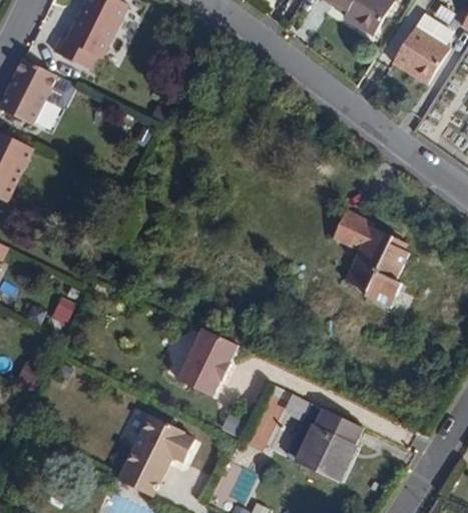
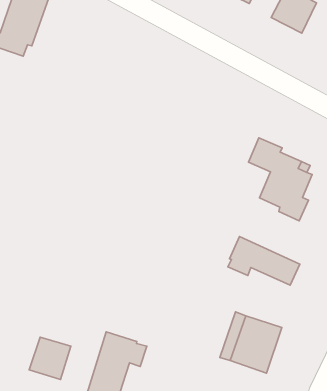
building: none -> [228,237,300,285]
building: [175,329,236,397] -> none
building: none -> [29,337,71,380]

